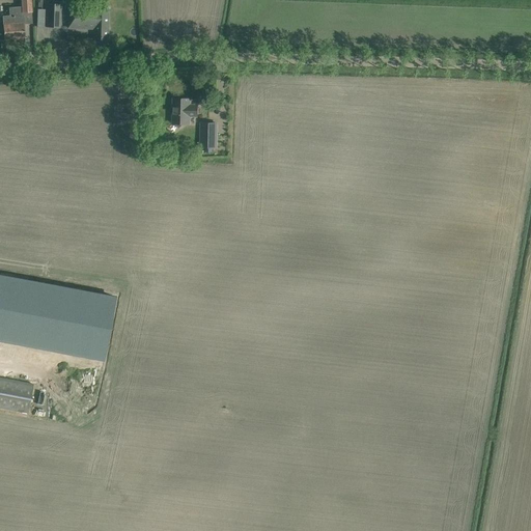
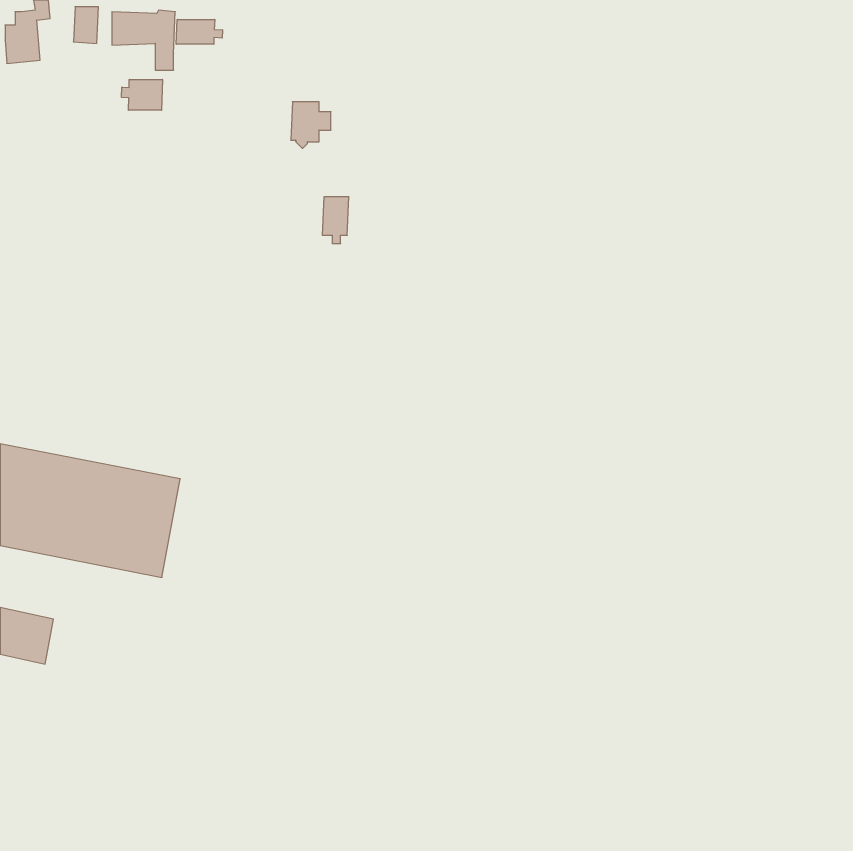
building: none -> [176,19,222,44]
building: none -> [122,79,162,110]
building: [172,100,197,129] -> [291,102,331,148]

